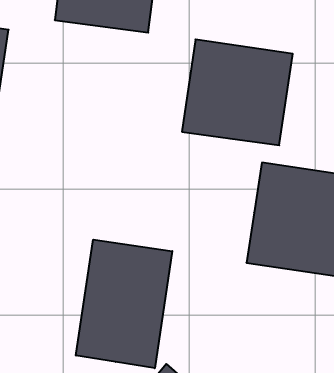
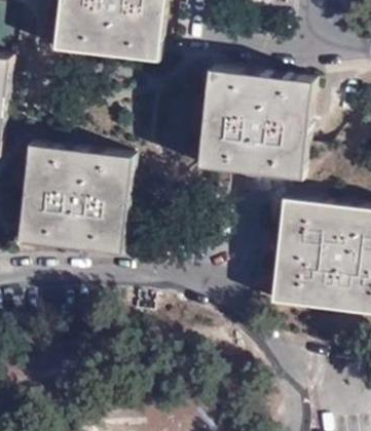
building: none -> [12,142,131,258]
building: [76,240,172,368] -> none

